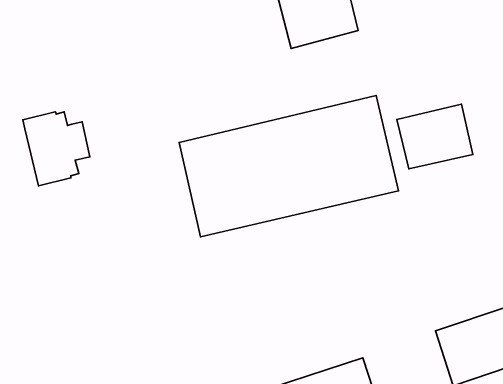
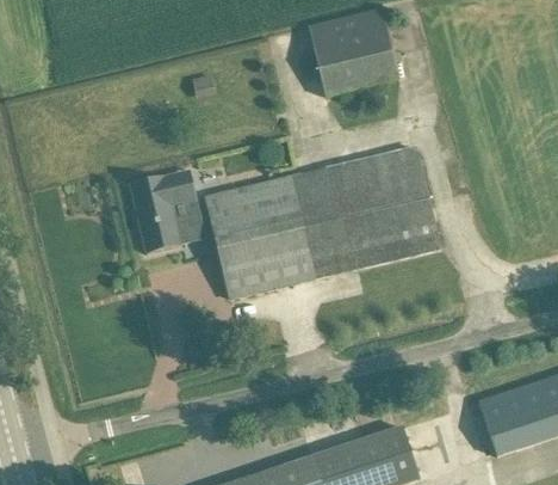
building: [397,104,473,169] -> none
building: [23,112,90,186] -> [129,165,200,244]

